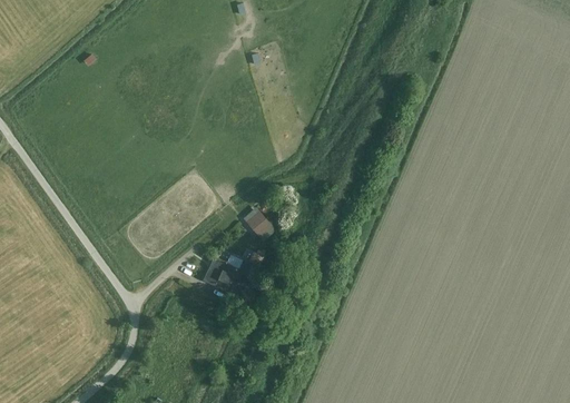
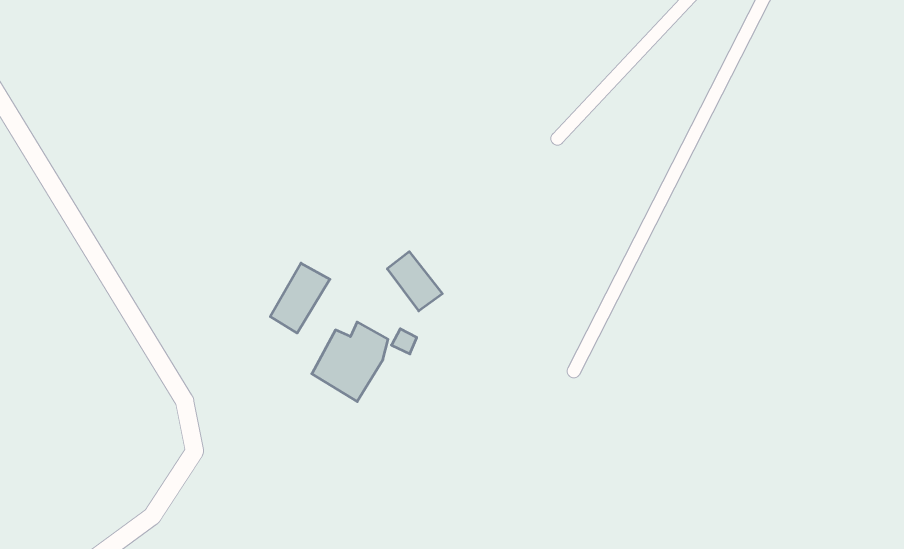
building: none -> [270,263,330,333]

